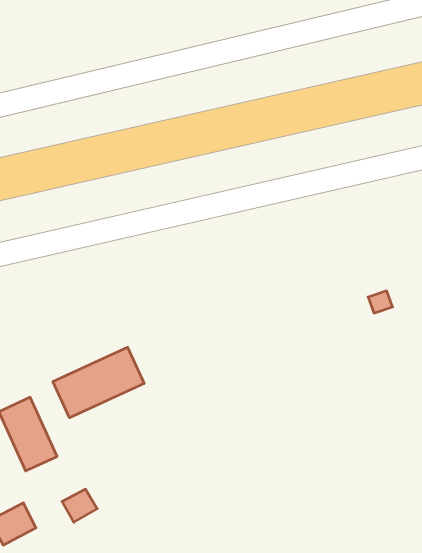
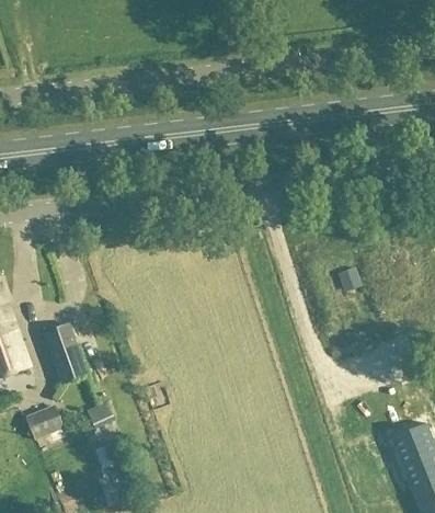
building: [53,347,144,418] -> none

